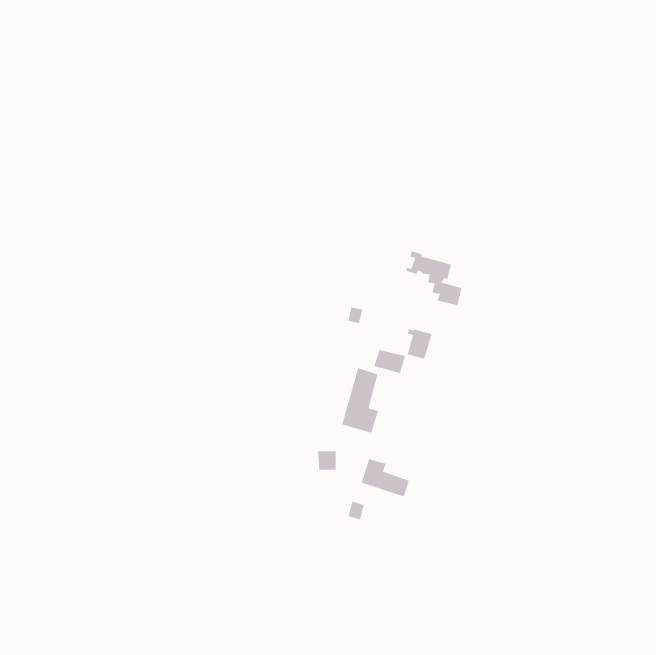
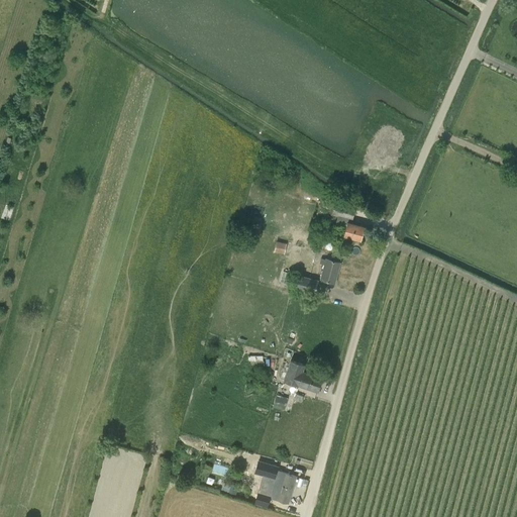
building: [341,368,379,434] -> none
building: none -> [249,459,296,503]

